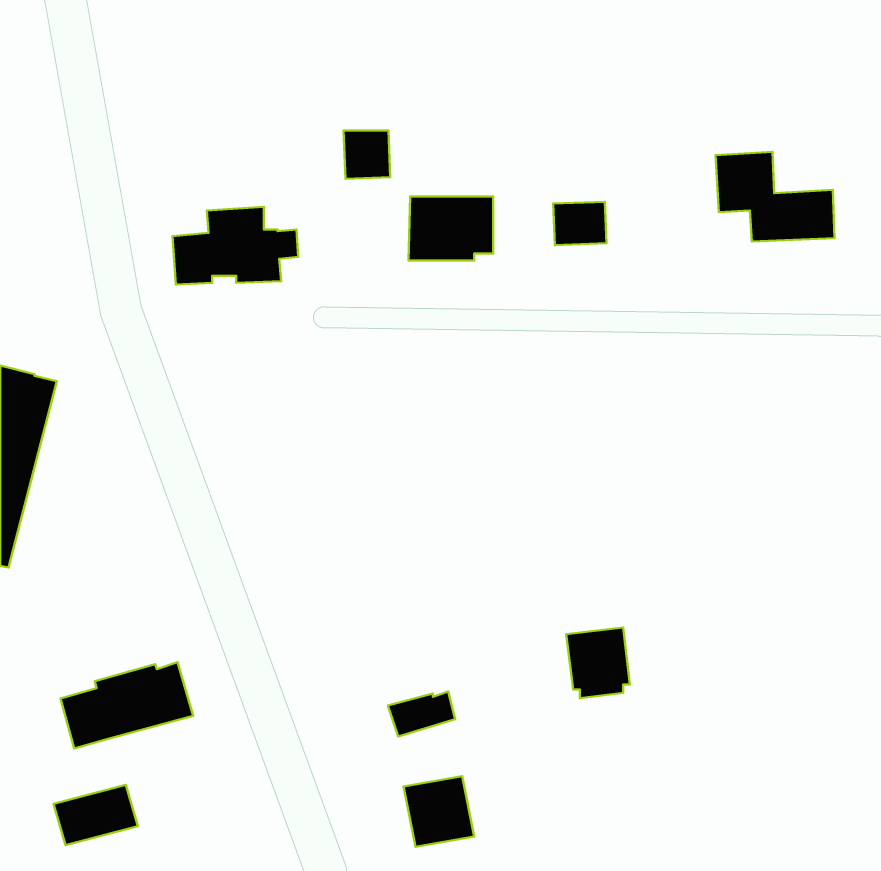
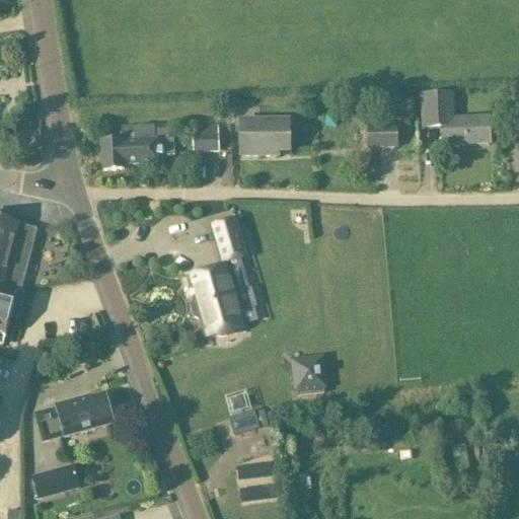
building: [344,130,390,179] -> [193,122,220,150]
building: [553,202,607,245] -> [367,120,398,145]
building: none -> [189,215,249,333]
building: [566,627,630,698] -> [290,352,327,393]

